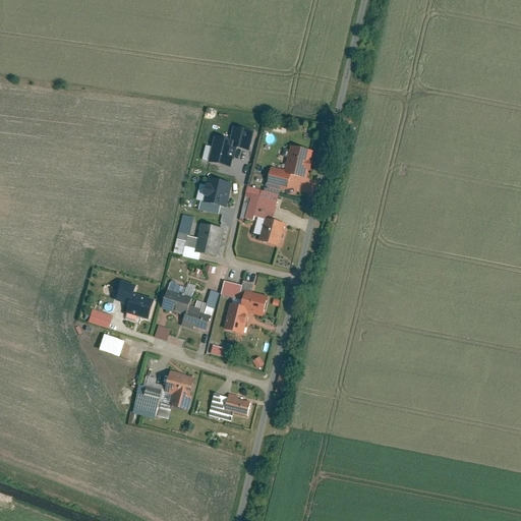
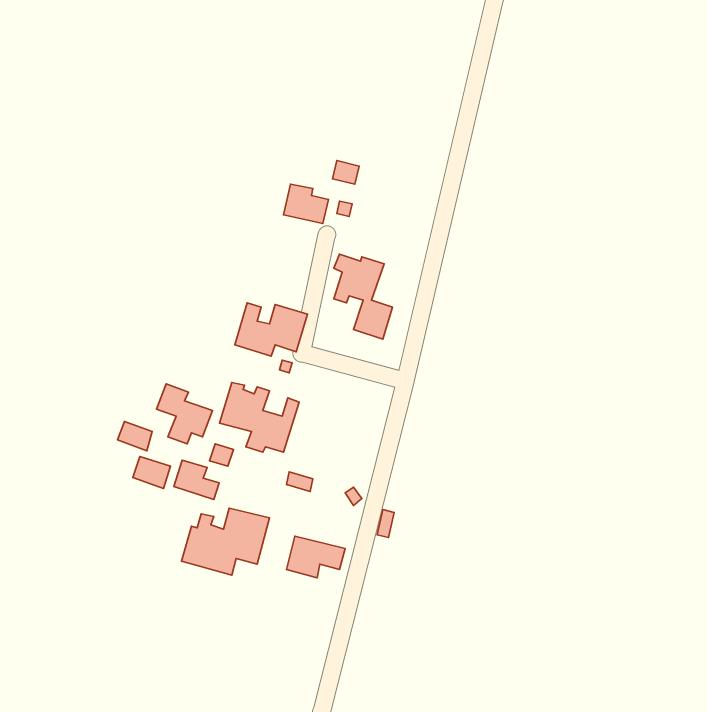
building: [265,143,311,189] -> none
building: [197,177,232,214] -> none
building: [221,281,267,333] -> none
building: none -> [174,460,219,499]

